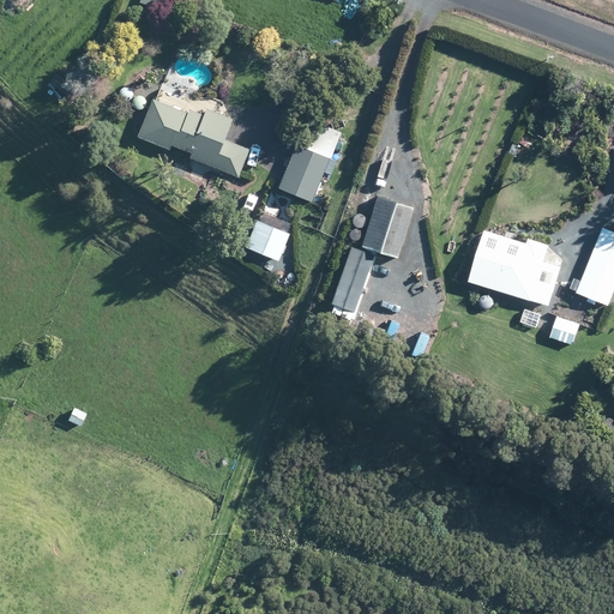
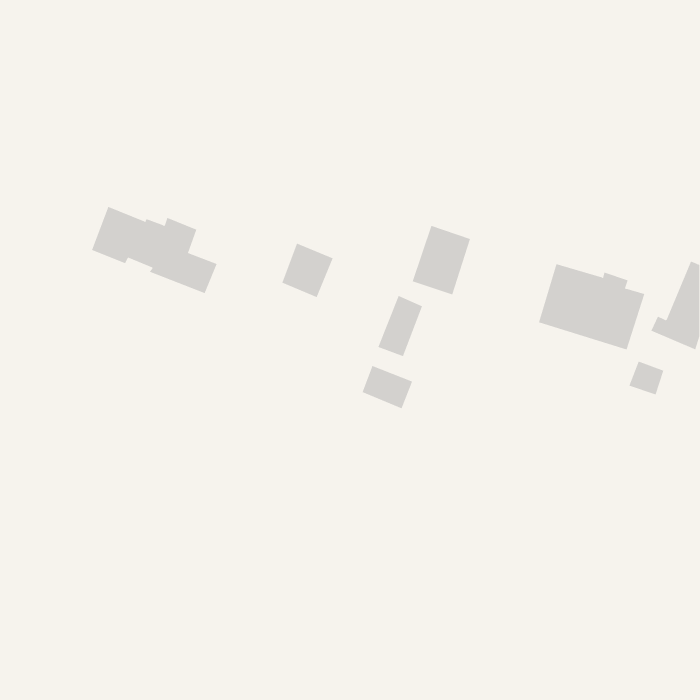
building: [138,100,248,176] -> [91,206,218,294]
building: [278,125,338,201] -> none
building: none -> [362,365,413,409]

